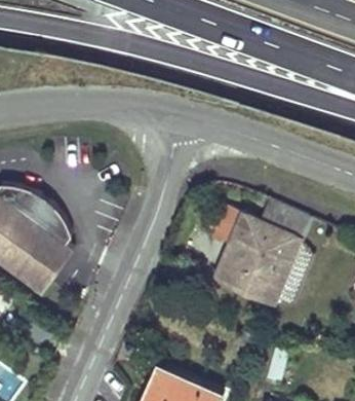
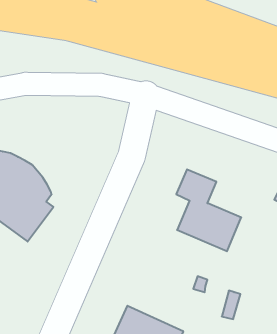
building: [250,203,308,264] -> none

